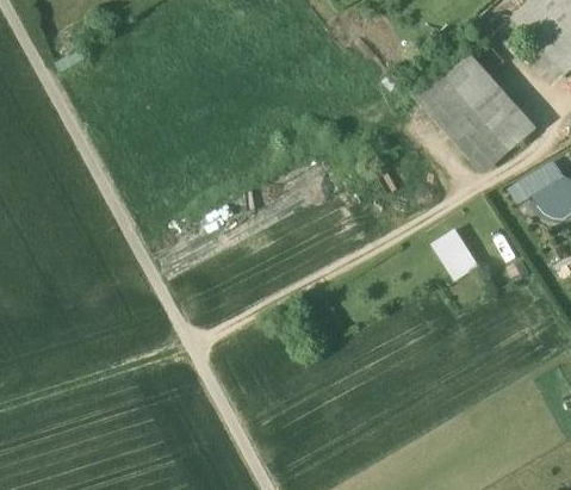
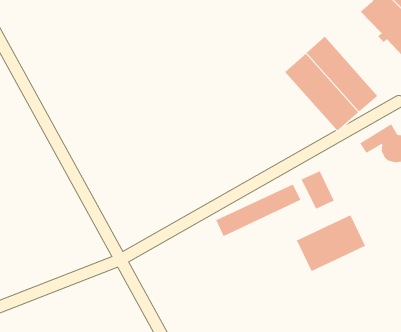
building: none -> [215,183,302,237]
building: none -> [296,214,366,272]

